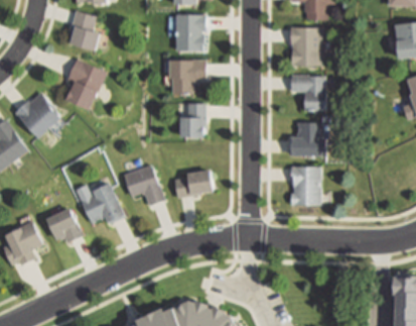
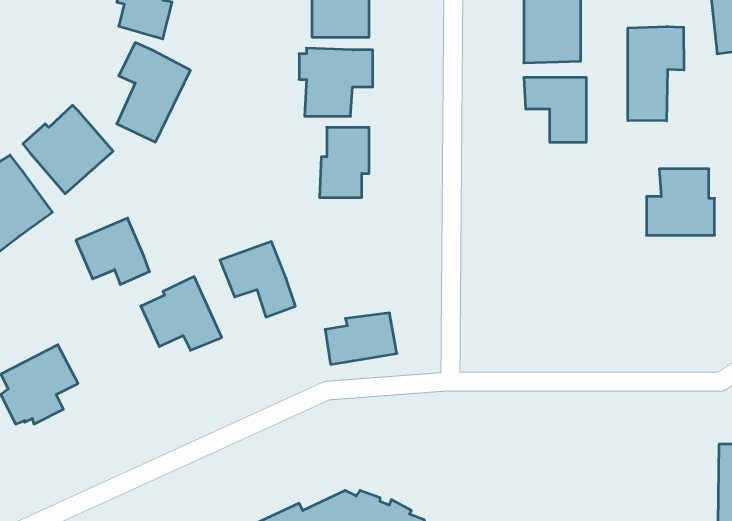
building: none -> [628,26,684,121]
building: [286,122,323,158] -> [646,169,715,235]
building: [287,166,320,206] -> none
building: [172,171,212,199] -> [325,313,397,364]
building: [43,208,84,244] -> [76,218,150,284]

